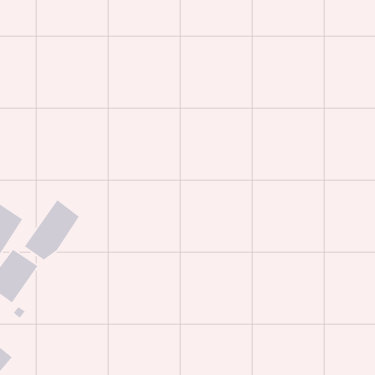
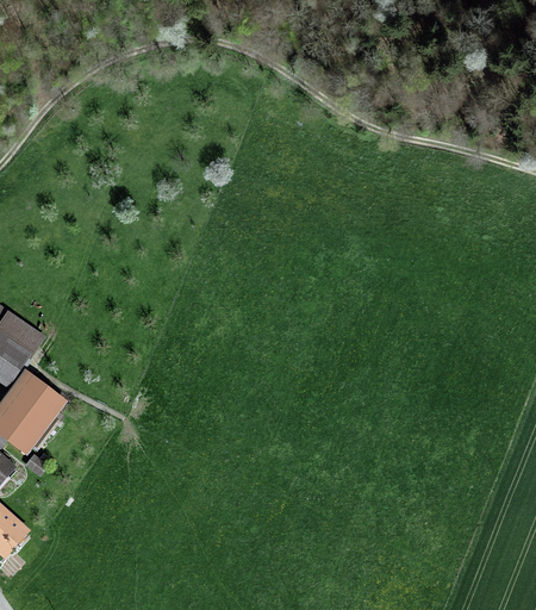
building: [24,199,80,260] -> none

